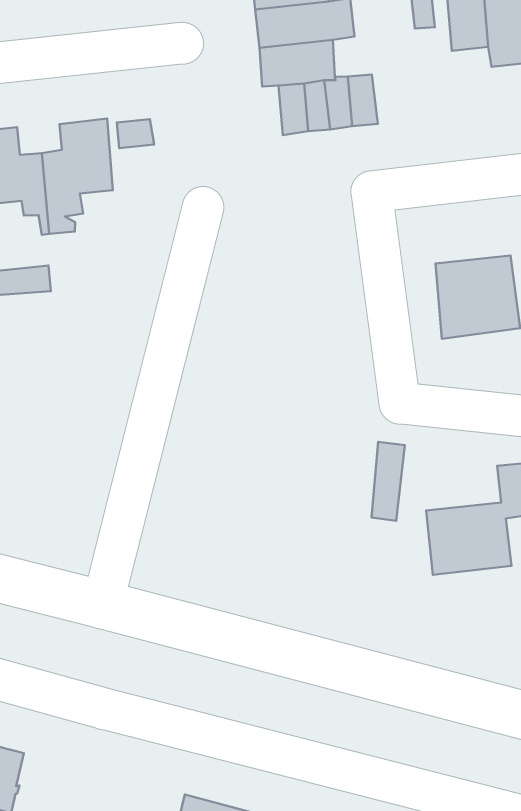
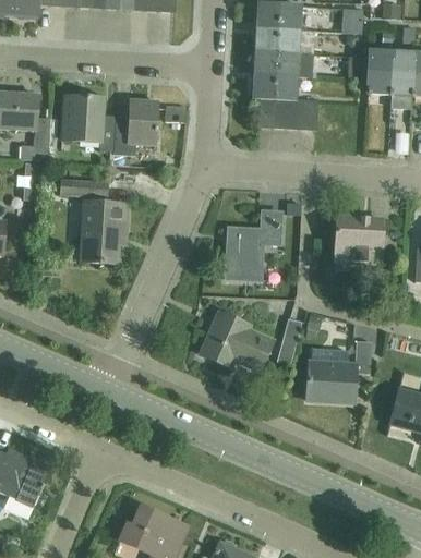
building: none -> [227,211,281,279]
building: none -> [82,203,127,263]
building: none -> [202,313,270,368]

